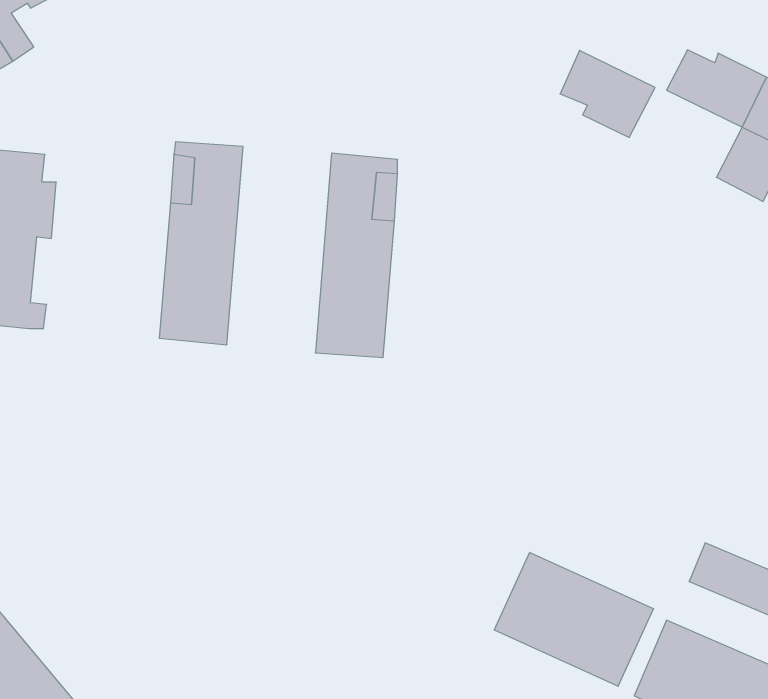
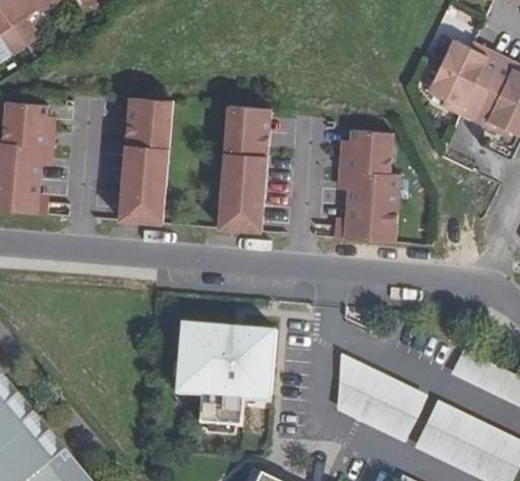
building: [560,50,655,137] -> [426,65,486,120]
building: none -> [332,129,398,244]
building: none -> [181,324,275,428]

